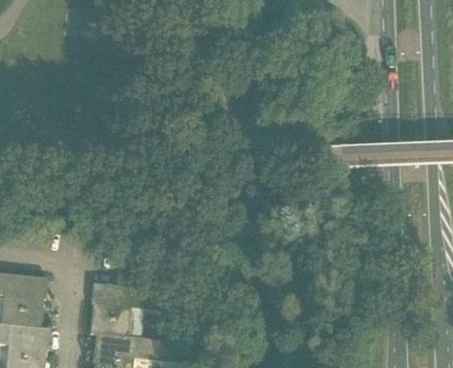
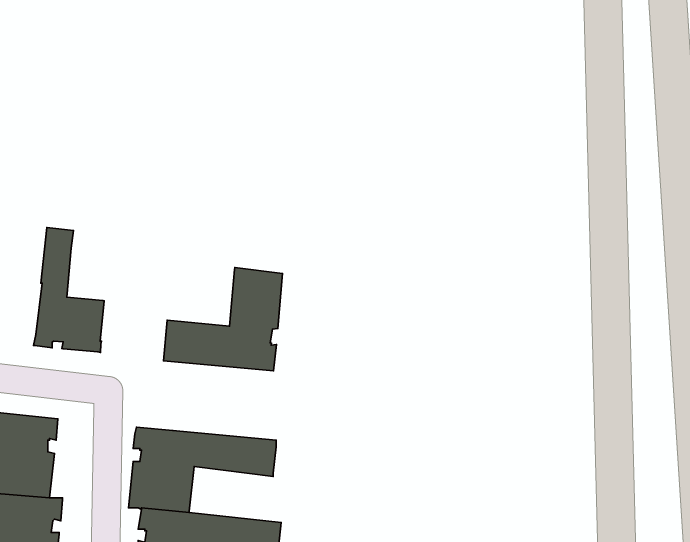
building: none -> [34,228,104,352]
building: none -> [163,267,283,371]

